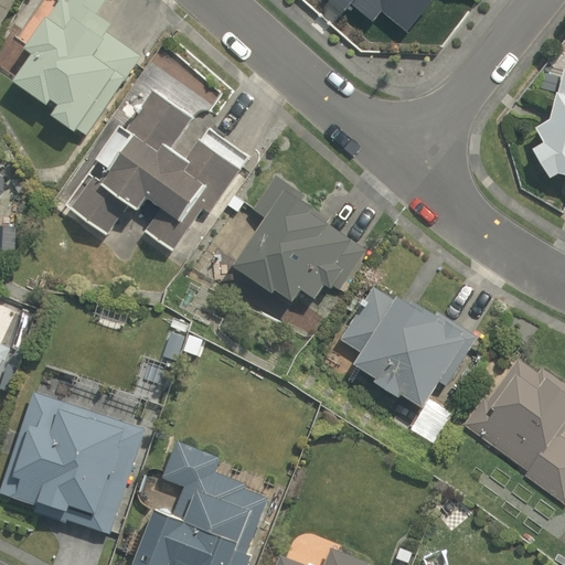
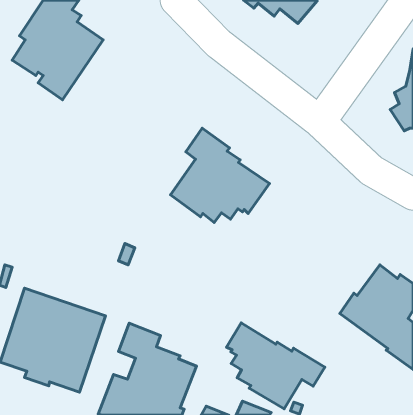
building: [71,92,247,250] -> none
building: [341,290,476,407] -> none
building: none -> [227,323,325,409]

